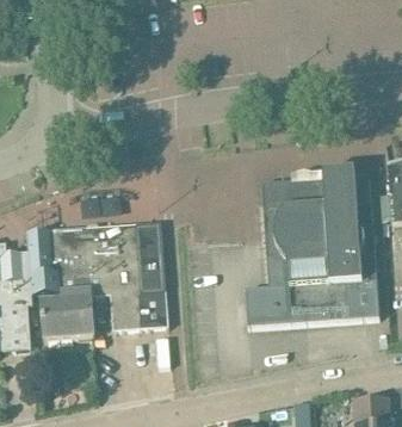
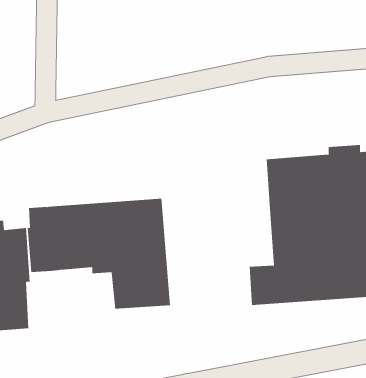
building: [42,289,93,339] -> none

